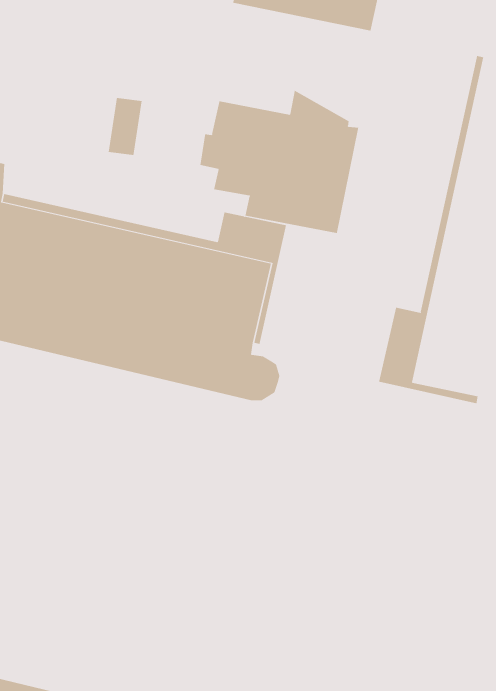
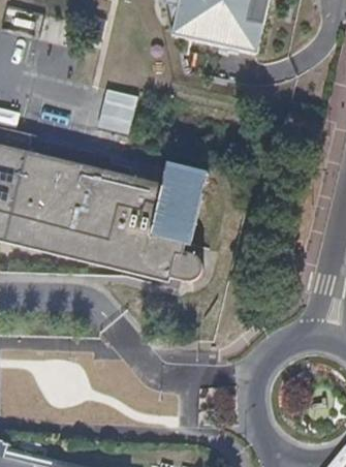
building: [378,55,484,404] -> none
building: [200,90,359,234] -> none

